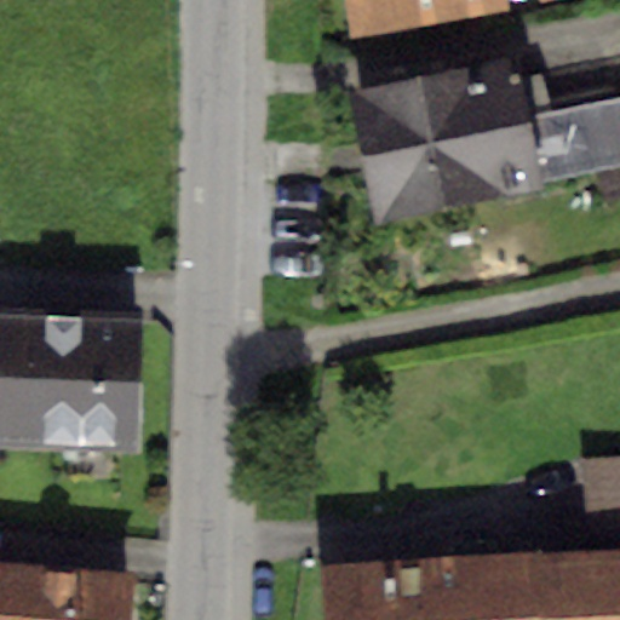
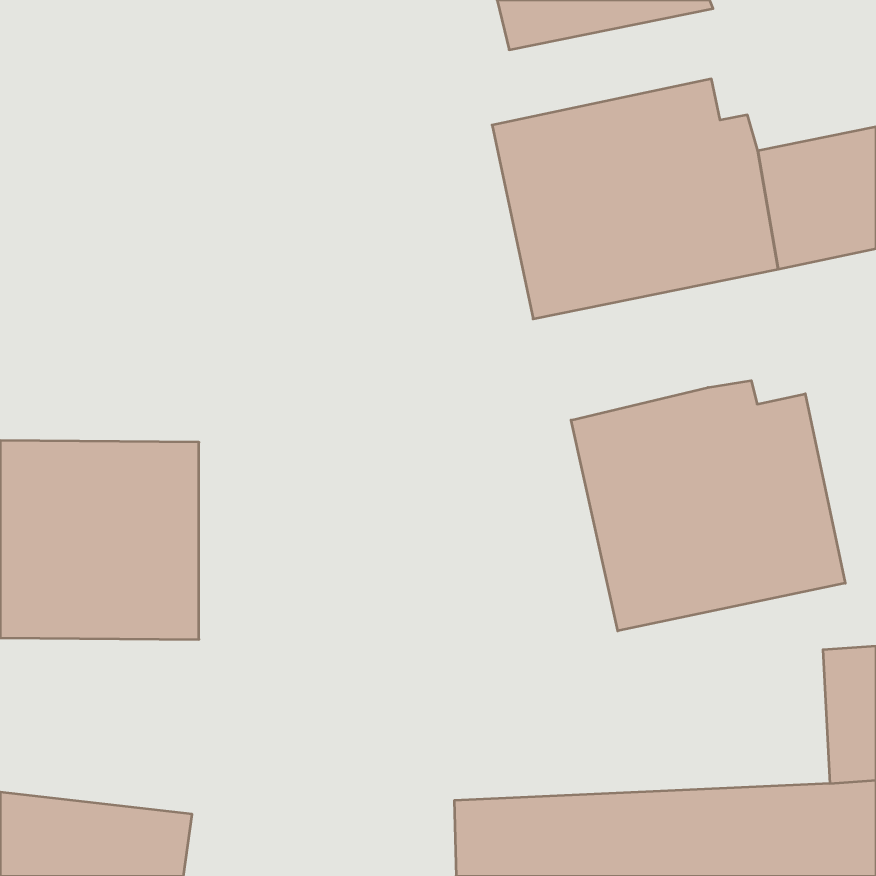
building: none -> [571,381,845,631]

